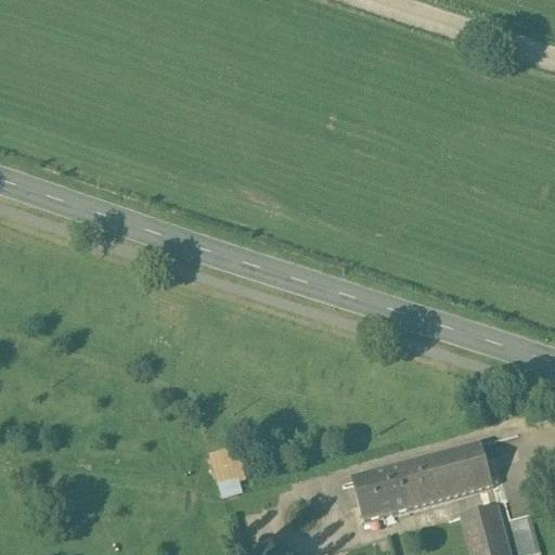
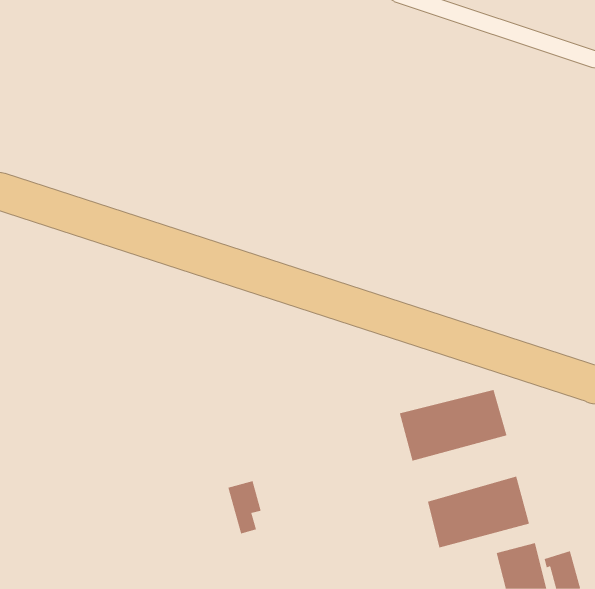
building: none -> [399,389,507,462]
building: [351,466,408,521] -> none

